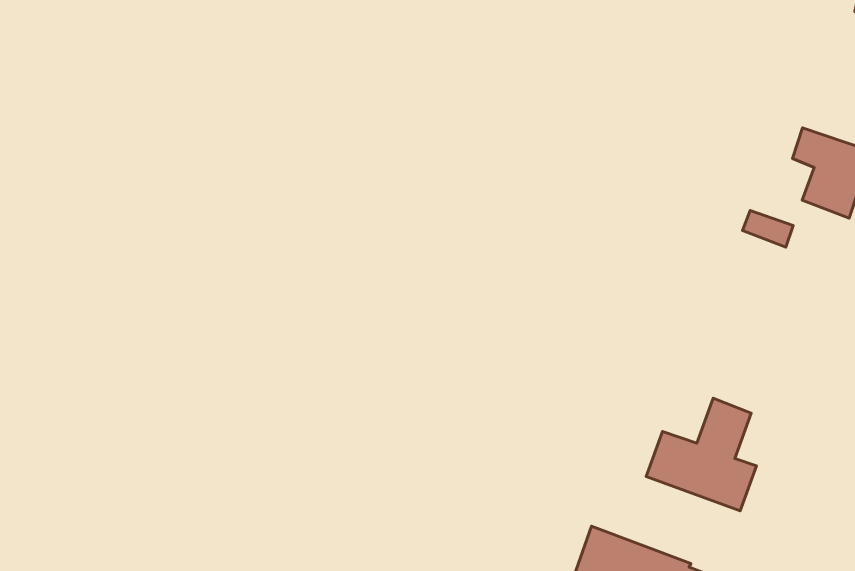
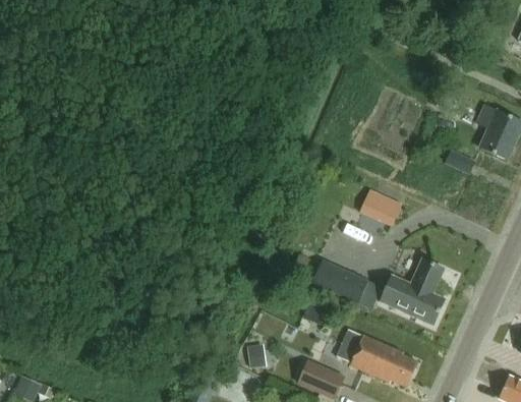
building: none -> [357,186,401,224]
building: none -> [311,260,366,302]

